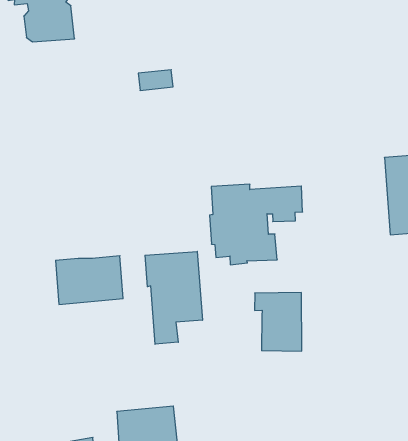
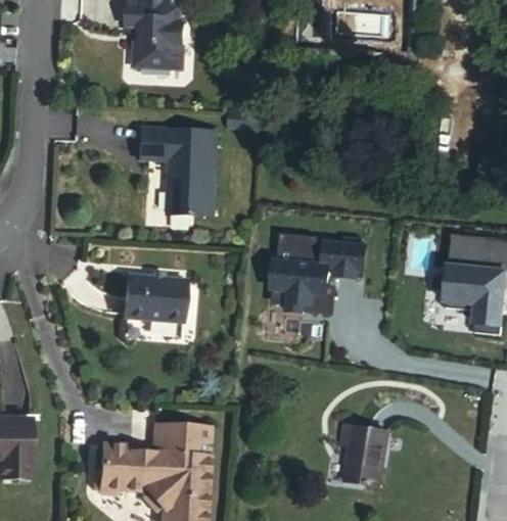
building: none -> [136,125,216,215]
building: [145,251,202,344] -> none
building: [255,293,302,351] -> [343,419,390,481]

